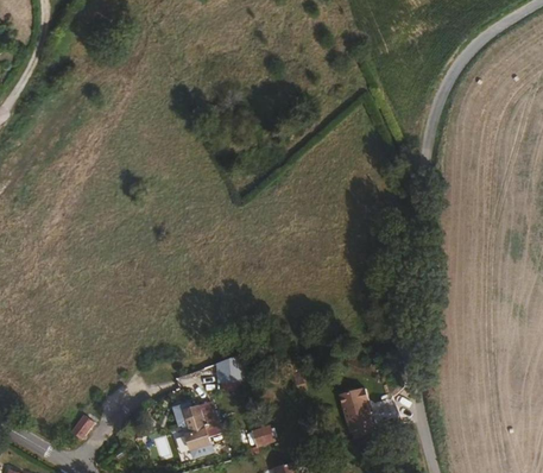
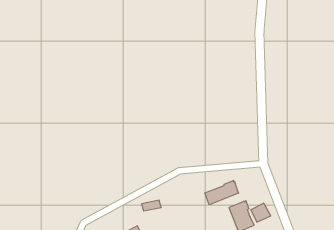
building: none -> [205,180,238,205]

